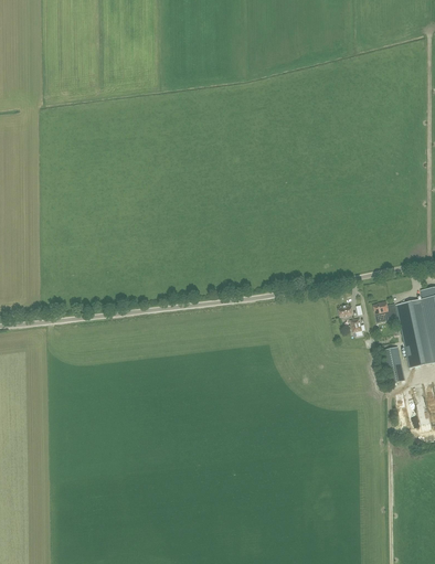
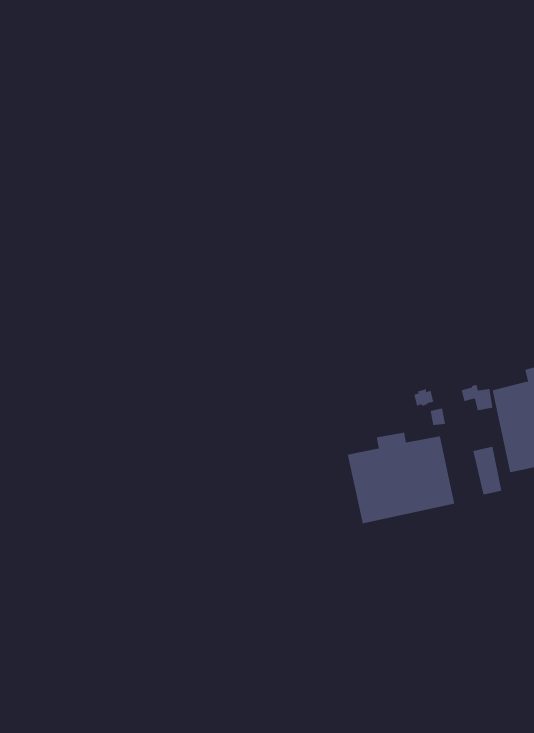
building: none -> [347,432,455,524]

